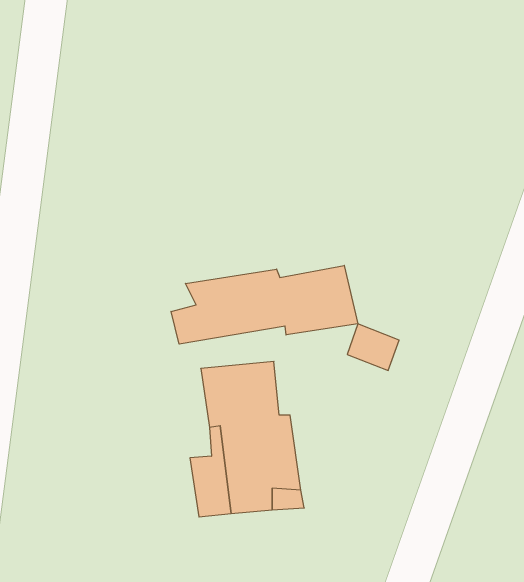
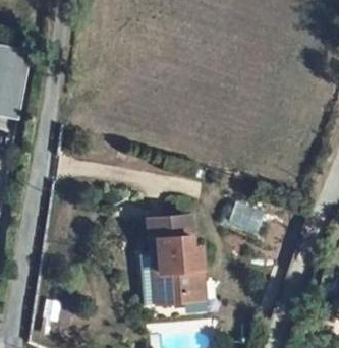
building: [171,265,358,344] -> none

